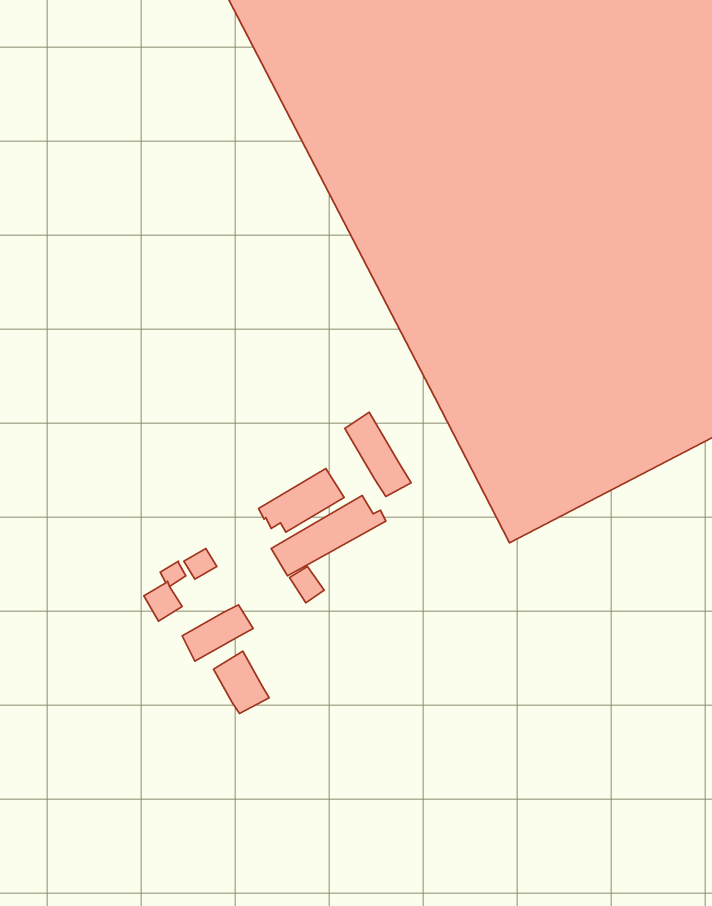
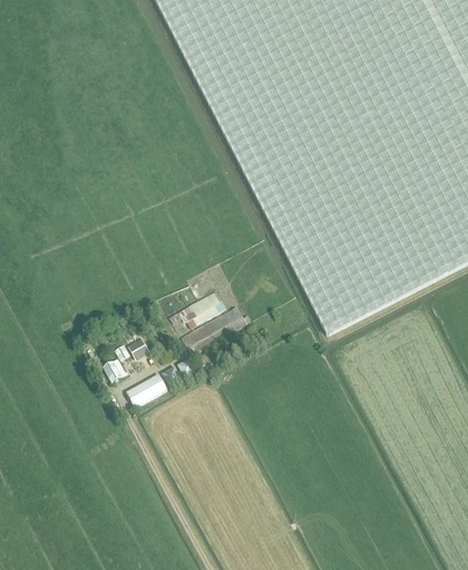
building: [345,412,411,496] -> none
building: [213,651,269,714] -> none

